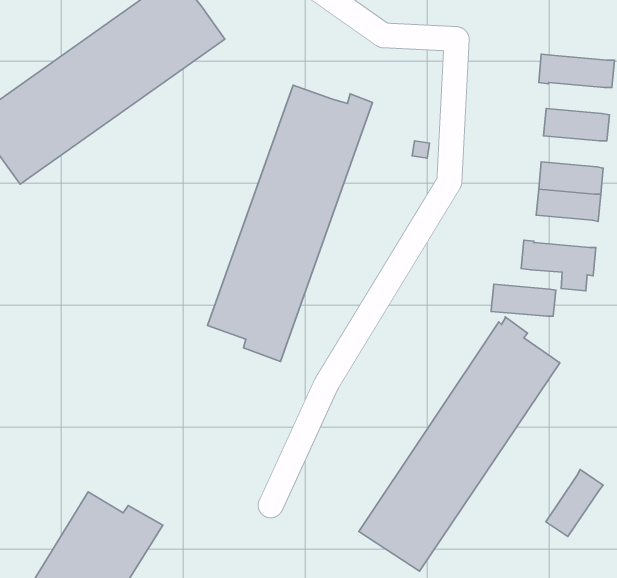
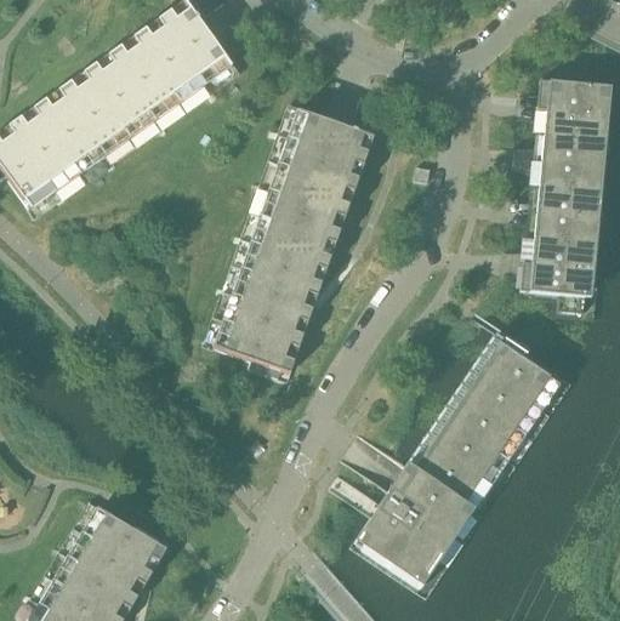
building: none -> [546,108,610,139]
building: none -> [541,160,605,192]
building: [491,284,556,316] -> [534,238,597,269]
building: [546,470,603,537] -> none

